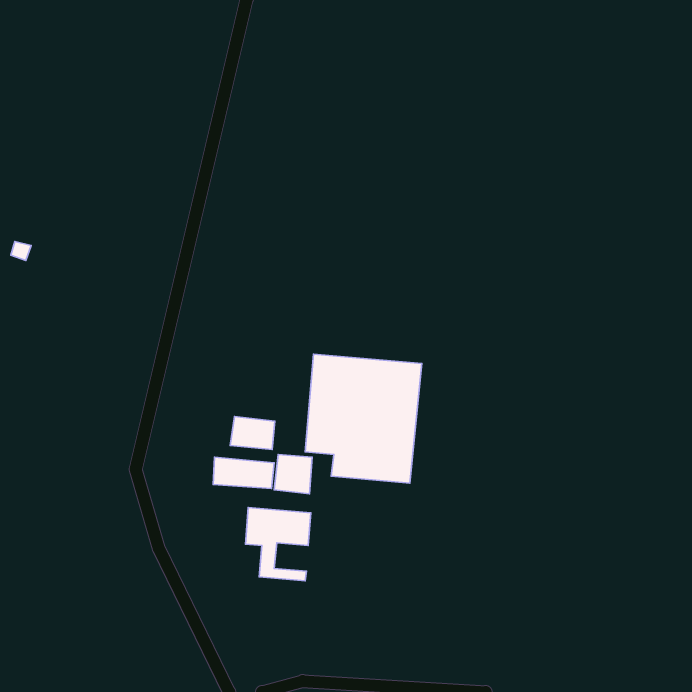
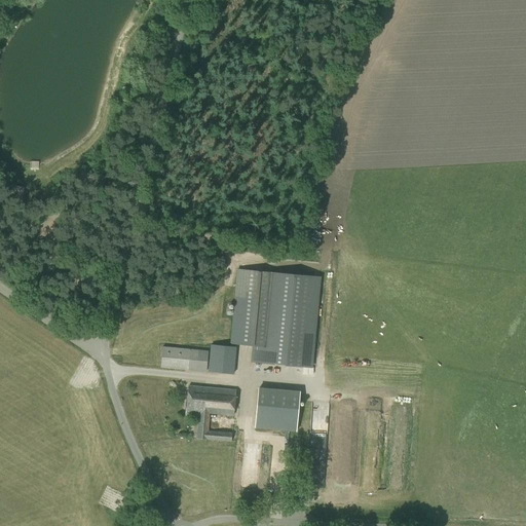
building: [230,417,275,449] -> none
building: none -> [256,386,301,431]

